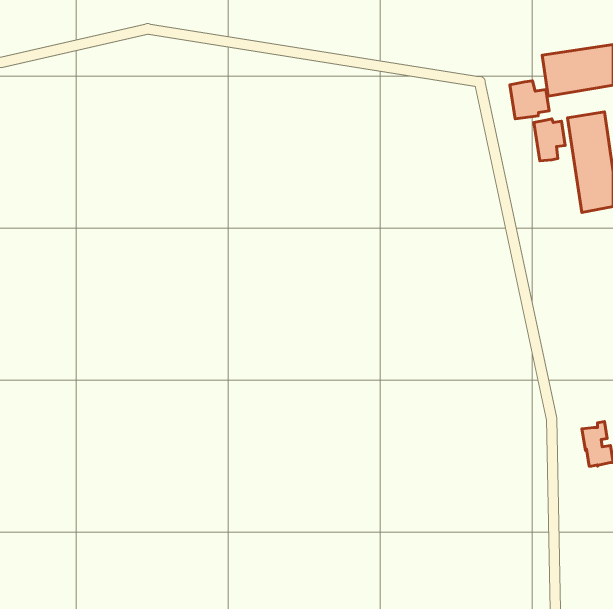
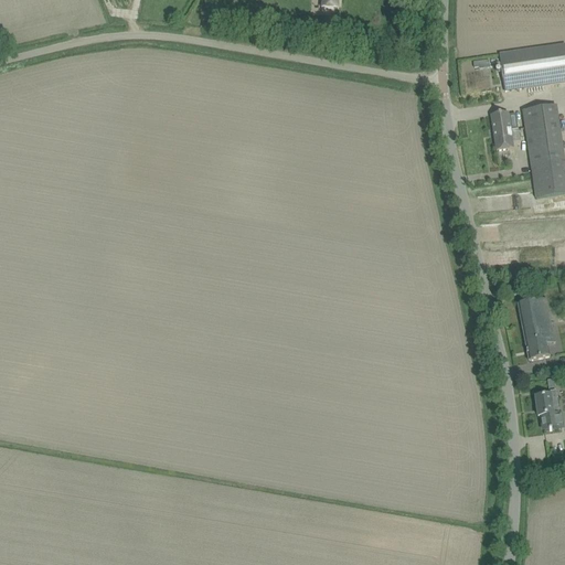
building: [510,81,549,119] -> none
building: none -> [518,296,557,358]

